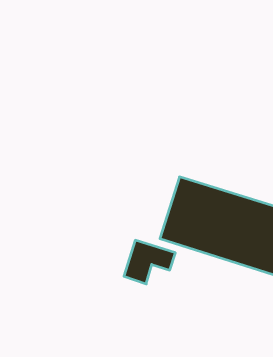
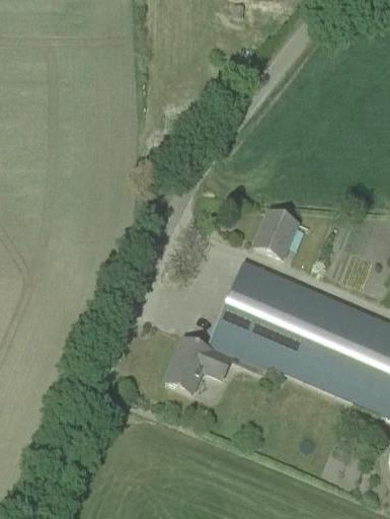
building: none -> [254,209,297,255]

